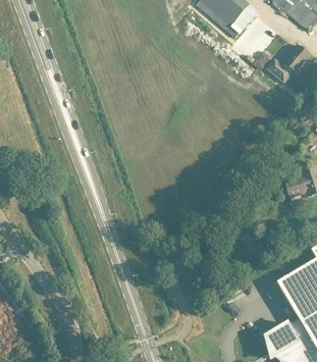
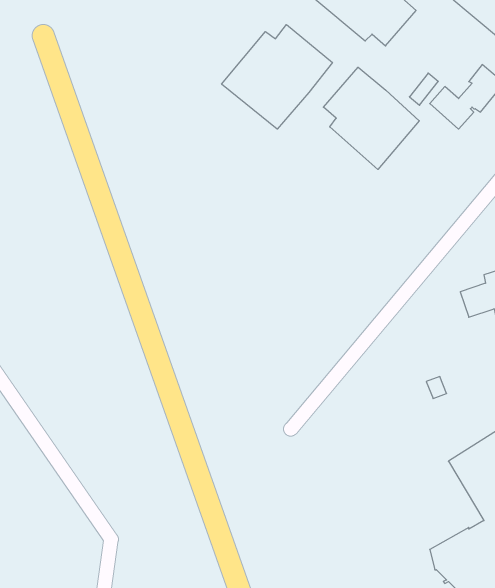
building: none -> [222,25,332,129]
building: none -> [323,67,419,169]

